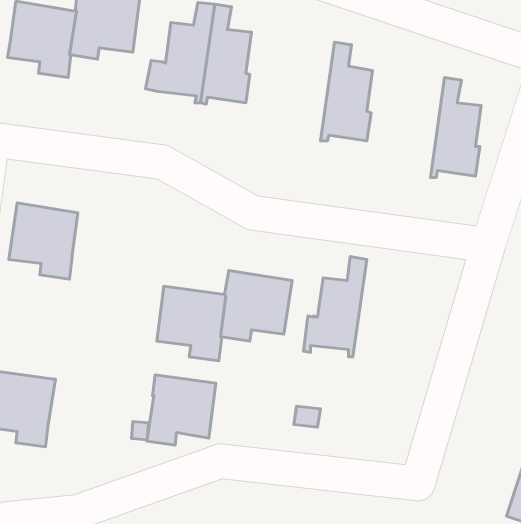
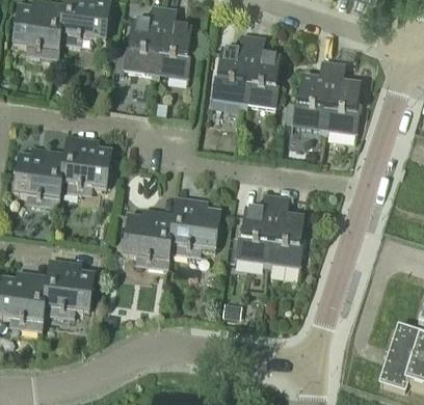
building: none -> [212,31,254,106]
building: none -> [283,58,335,133]
building: none -> [60,142,111,193]
building: none -> [267,193,304,266]
building: [147,375,216,445] -> [43,266,94,318]

